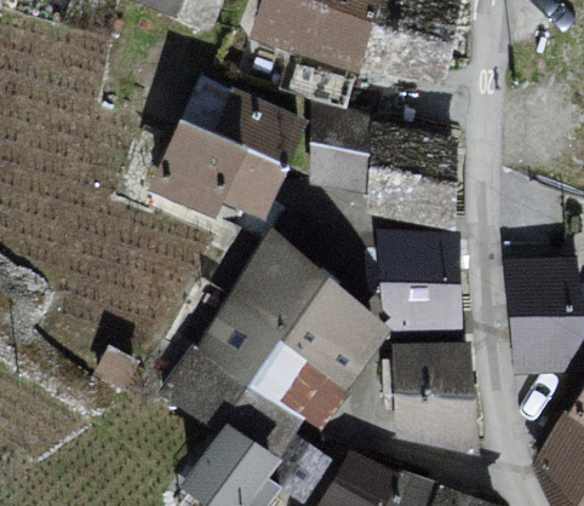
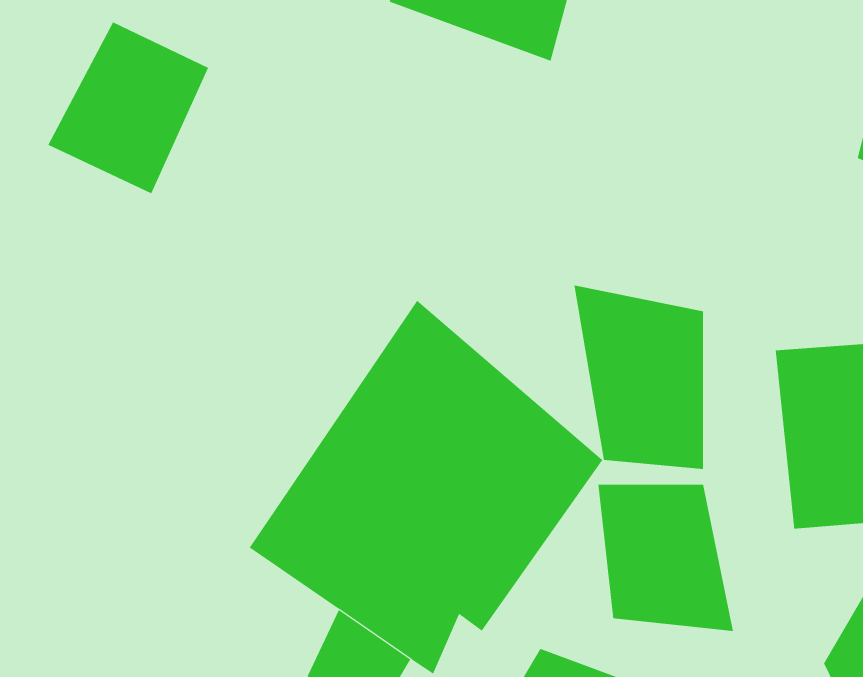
building: none -> [47,21,209,194]
building: [151,71,309,218] -> none

